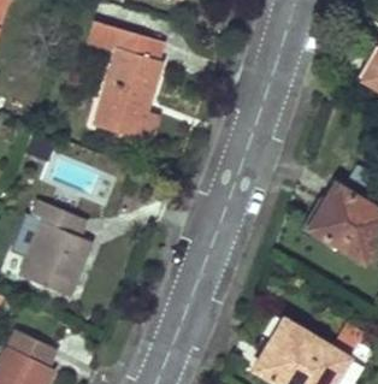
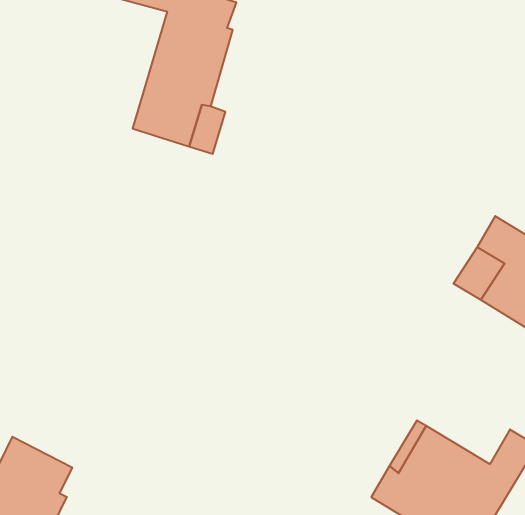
building: [20,200,90,295] -> none

